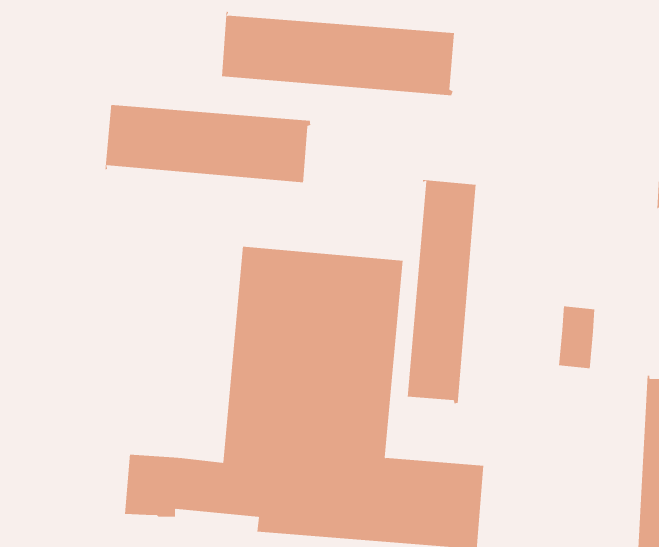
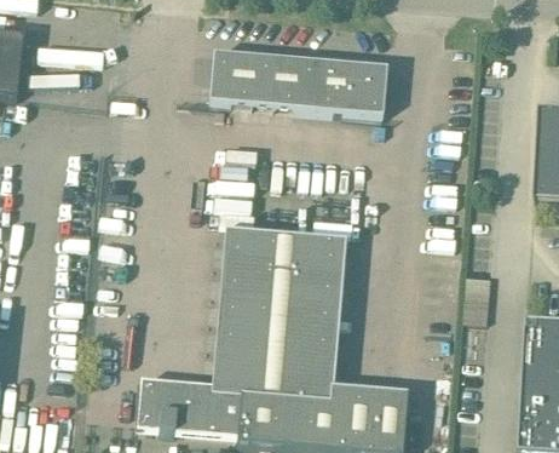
building: [105,104,311,183] -> none
building: [407,179,476,404] -> none

